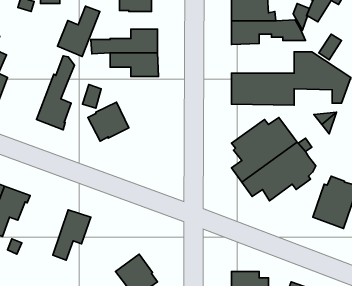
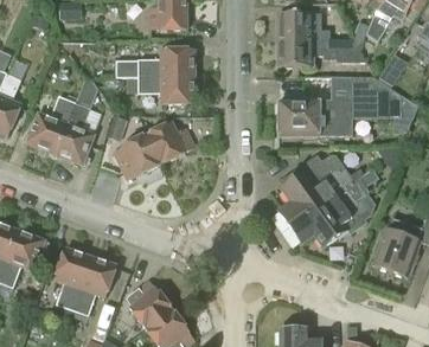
building: [58,6,100,57] -> [25,95,73,153]
building: none -> [146,122,194,162]
building: none -> [55,248,90,309]
building: none -> [127,279,172,328]

